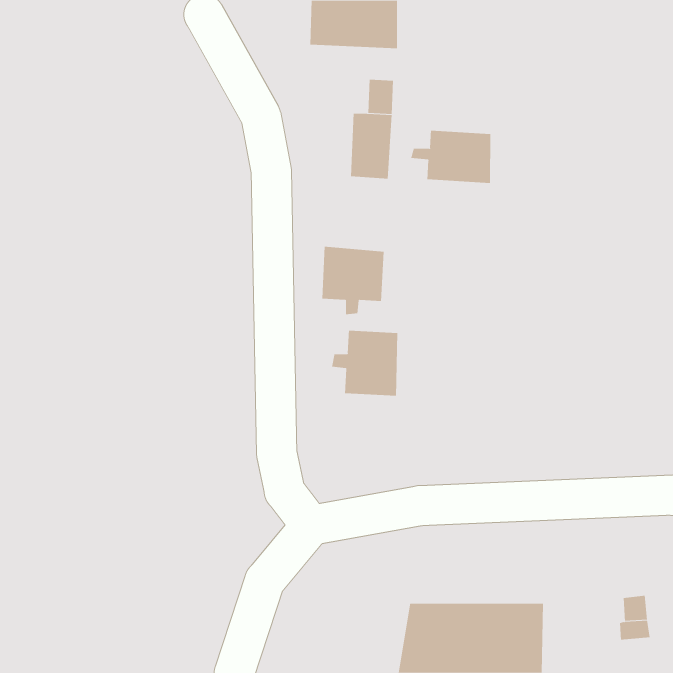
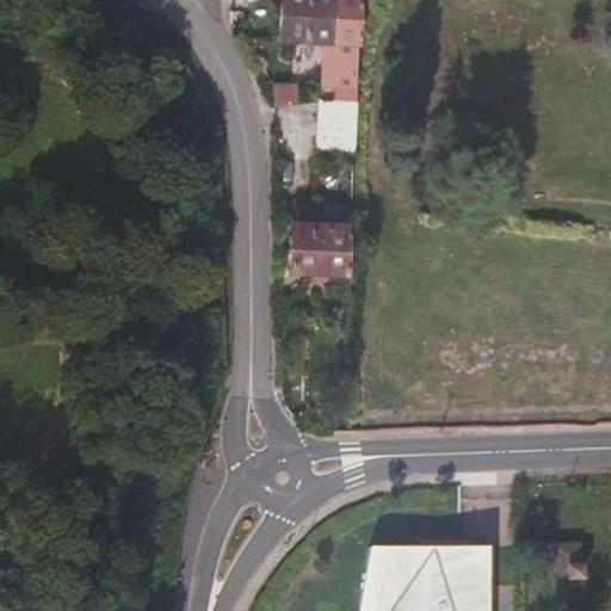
building: [410,130,491,184] -> none
building: [331,330,398,397] -> none

